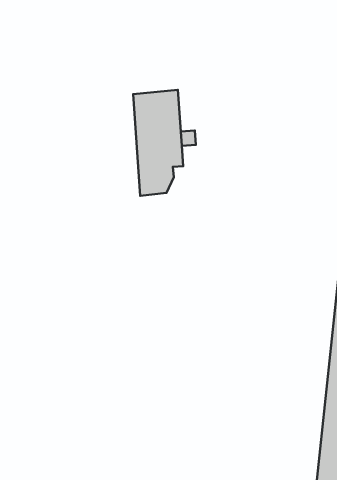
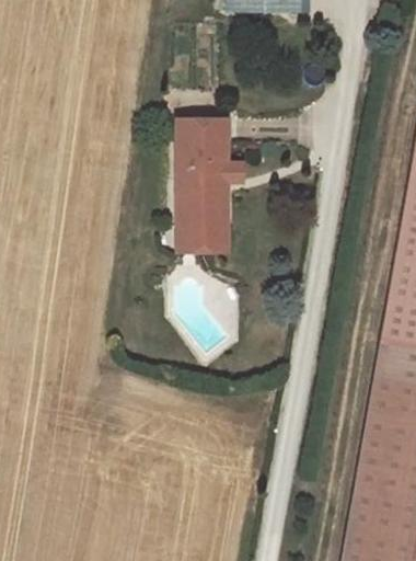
building: none -> [180,195,228,245]

